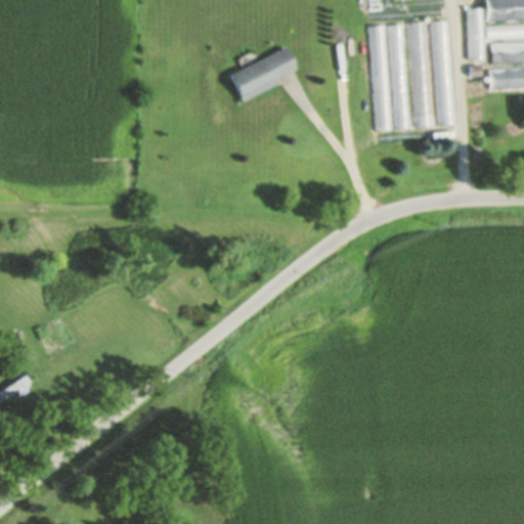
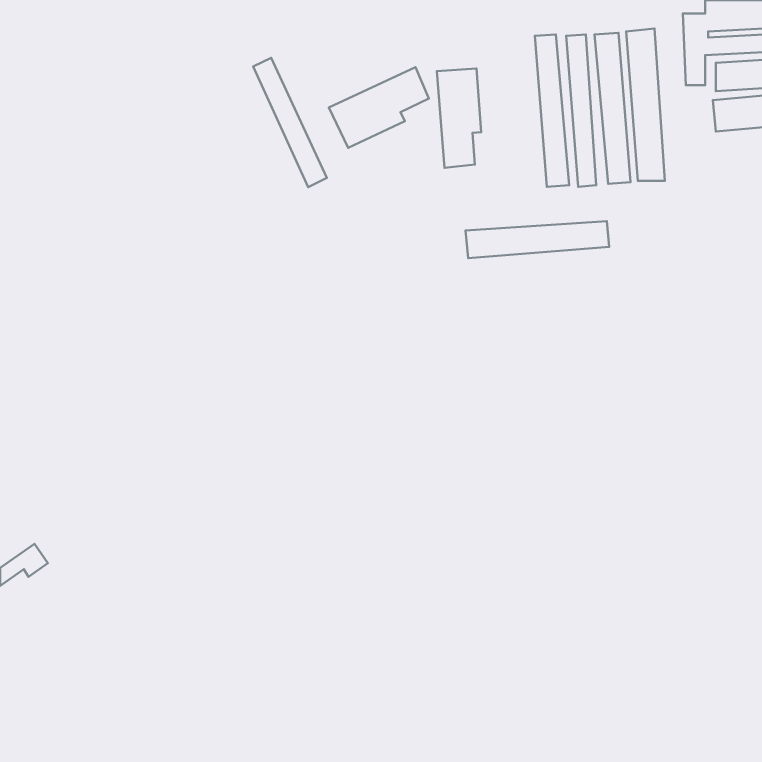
building: none -> [253,58,327,187]
building: none -> [437,69,481,168]
building: none -> [465,221,609,258]

